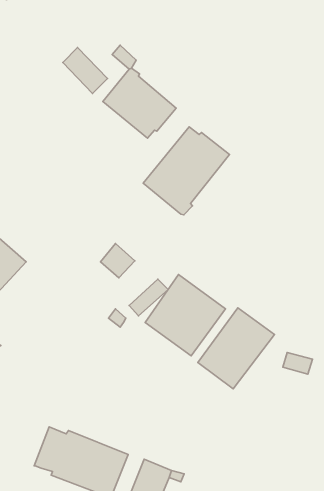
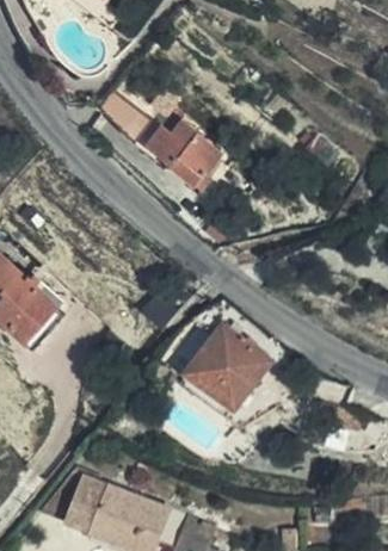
building: [143,127,229,215] -> none
building: [198,308,274,389] -> none

